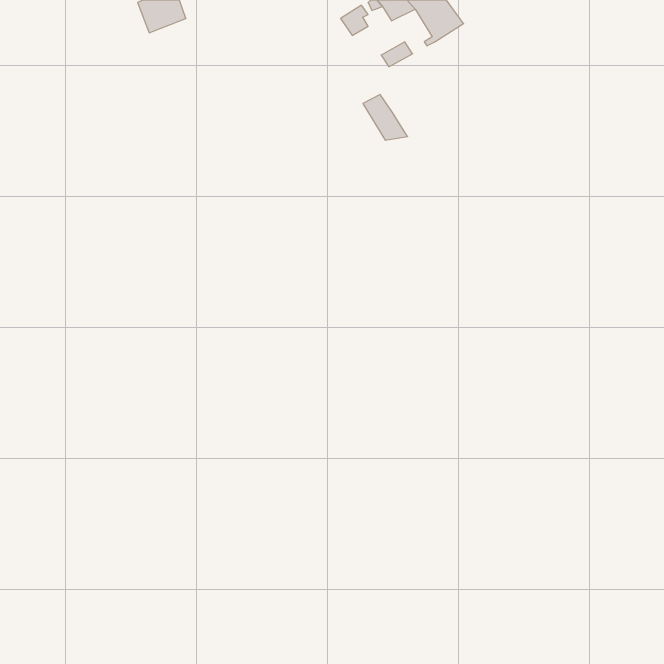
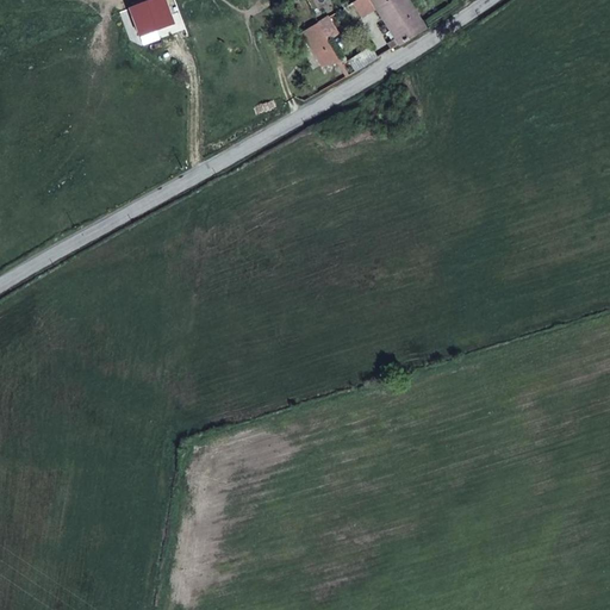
building: [363,94,408,140] -> [299,21,340,63]

